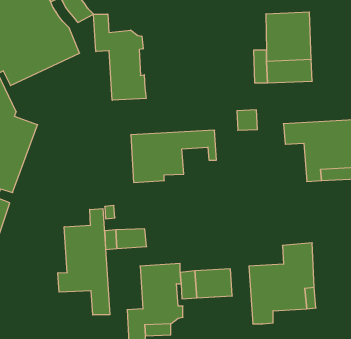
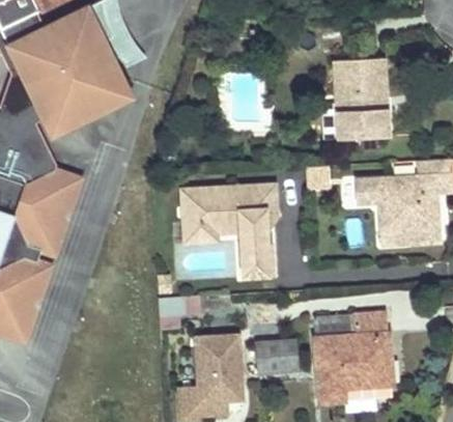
building: [94,14,146,100] -> none
building: none -> [242,205,275,278]
building: [58,209,110,315] -> none
building: none -> [314,315,355,338]

